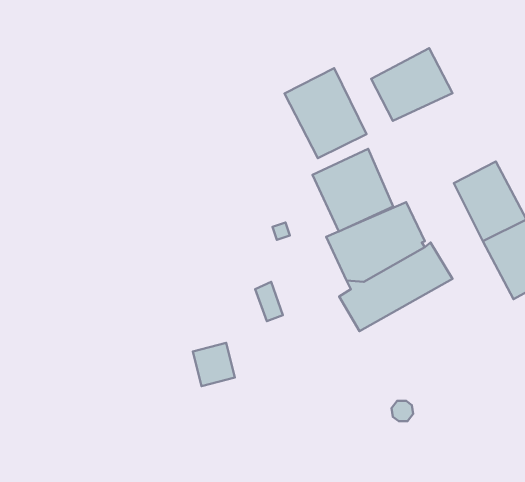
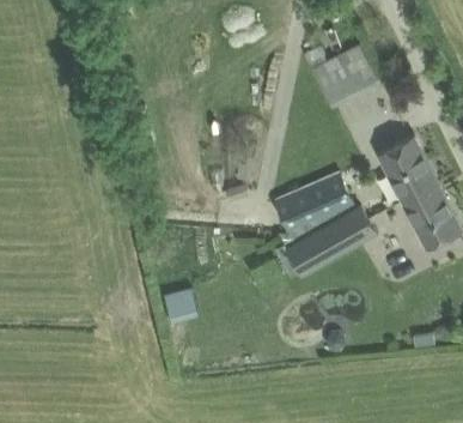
building: [285,68,366,158] -> none
building: [312,149,393,231] -> none

